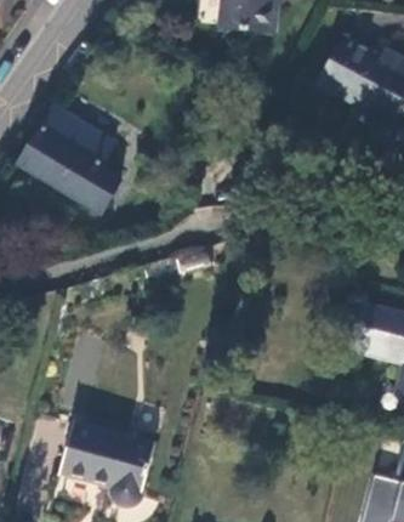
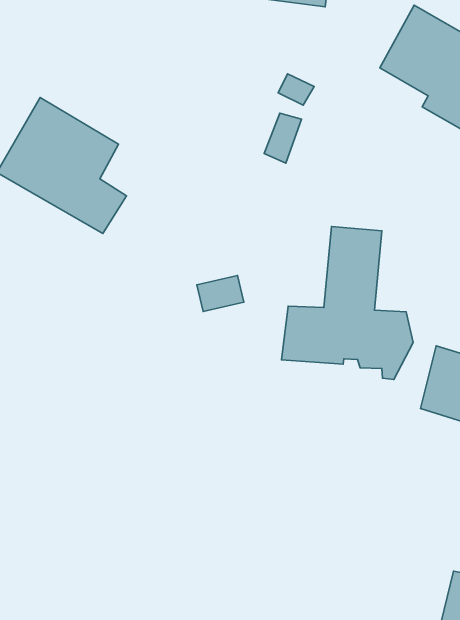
building: none -> [281,226,413,380]
building: [59,424,155,505] -> none

